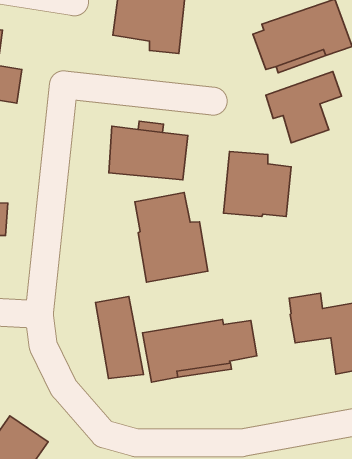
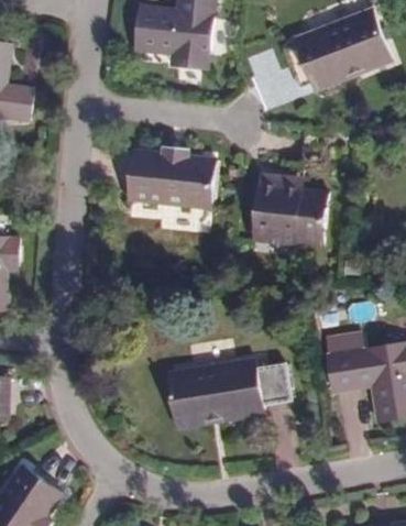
building: [266,71,341,143] -> none
building: [135,192,208,282] -> none
building: [96,296,144,379] -> none

